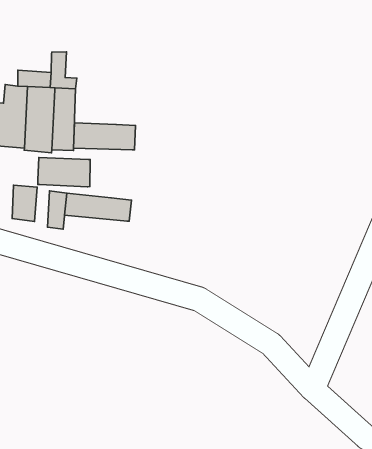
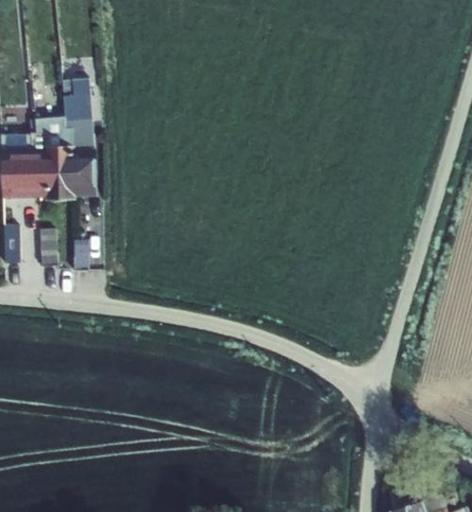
building: [74,123,135,150] -> none
building: [38,157,90,187] -> none
building: [65,193,132,221] -> none

